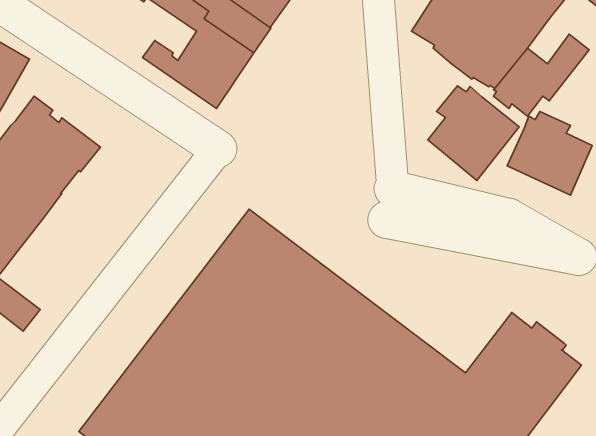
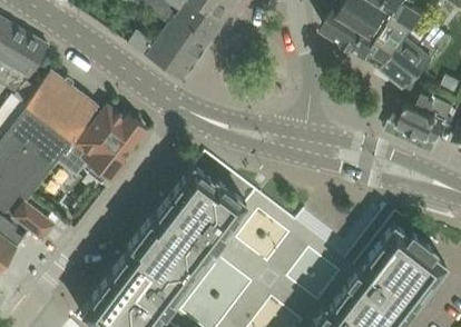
building: [428,86,519,180] -> none
building: none -> [57,107,144,180]

